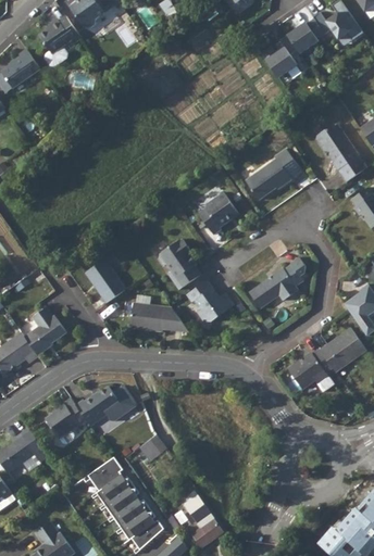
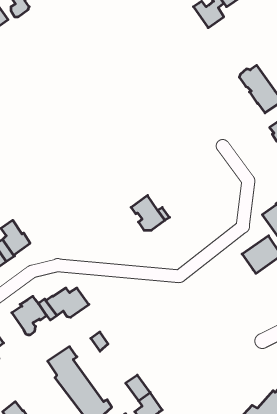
building: [245,148,298,198] -> none
building: [198,191,237,233] -> none
building: [158,238,199,288] -> none
building: [249,256,304,306] -> none
building: [84,257,125,301] -> none
building: [128,301,188,330] -> none
building: [287,348,334,391] -> none

